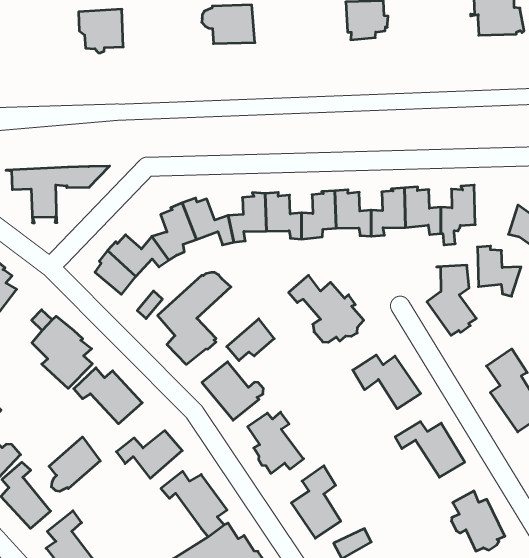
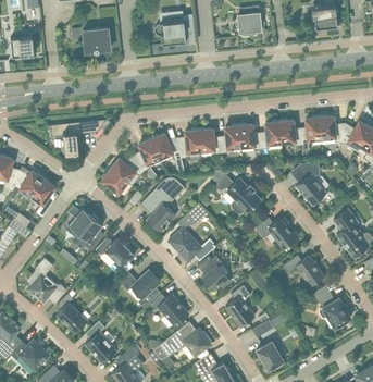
building: [477,246,521,296] -> [319,115,345,144]
building: [49,437,100,491] -> none

